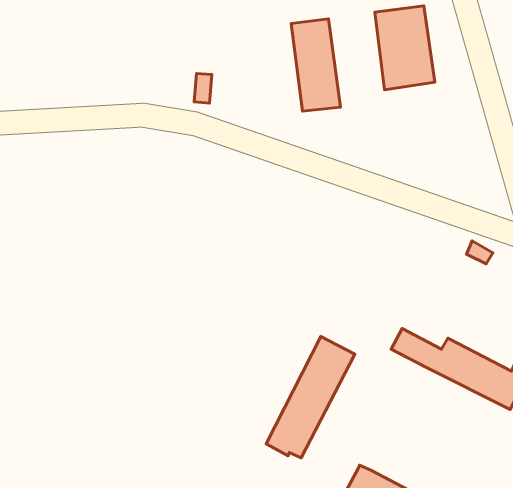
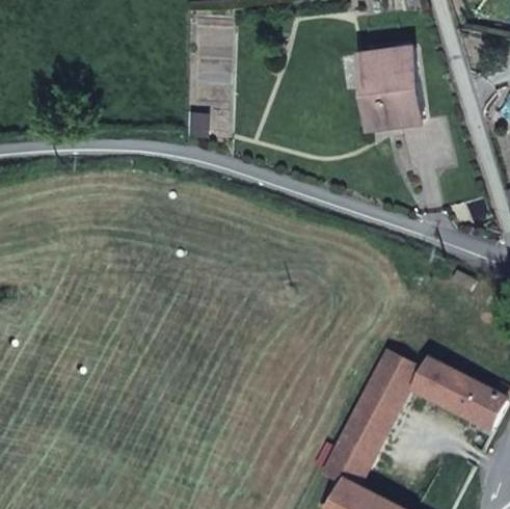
building: [291,19,341,111] -> none
building: [266,337,355,458] -> [324,371,408,486]

